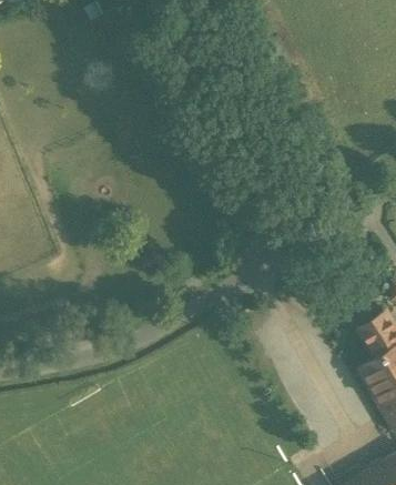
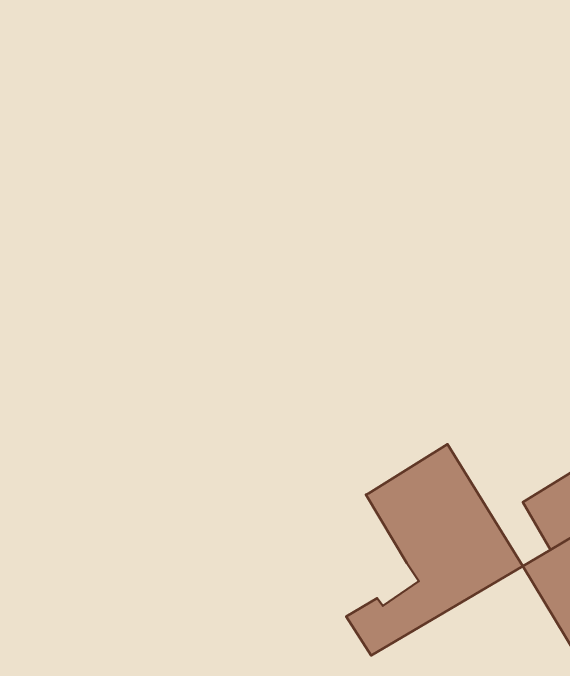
building: none -> [346,444,523,656]

